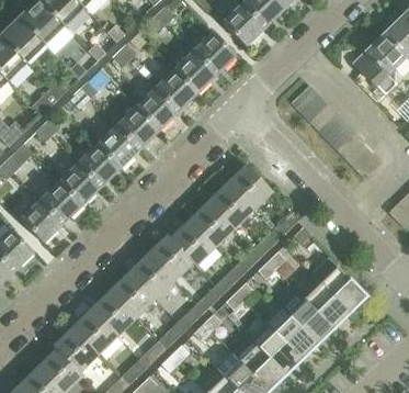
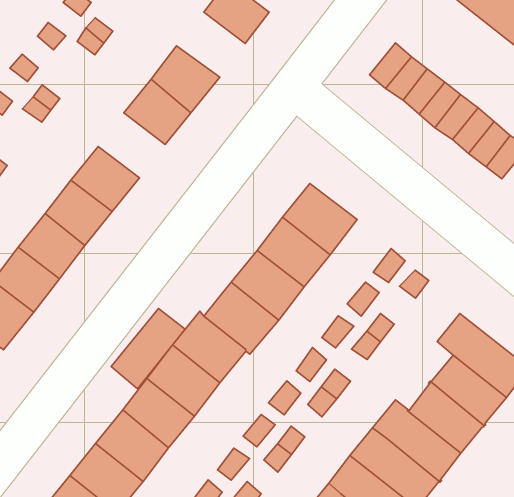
building: [175,49,218,91] -> none
building: [118,105,160,147] -> none
building: none -> [111,309,185,389]

